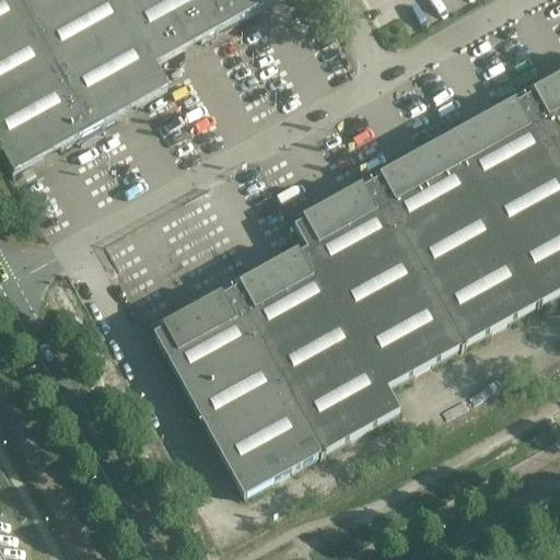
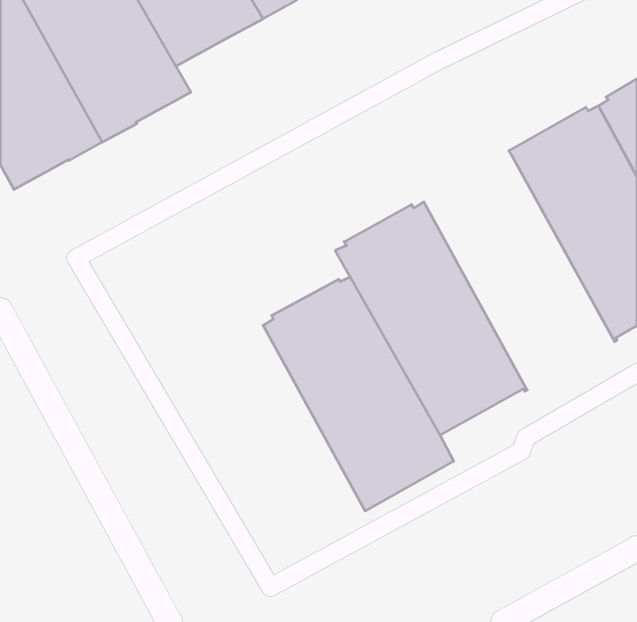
building: [372,132,539,342] -> none
building: [153,285,320,491] -> none

